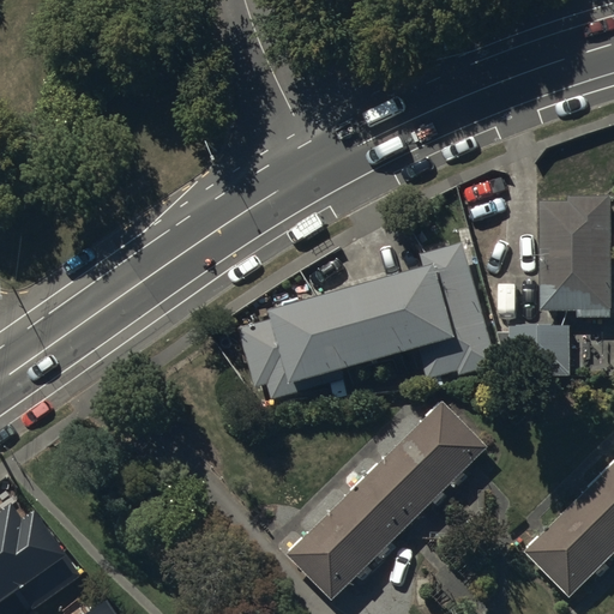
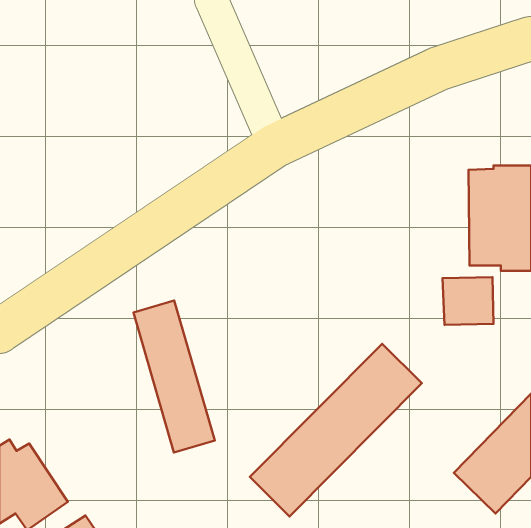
building: [237,243,499,402] -> none
building: none -> [133,301,215,453]

